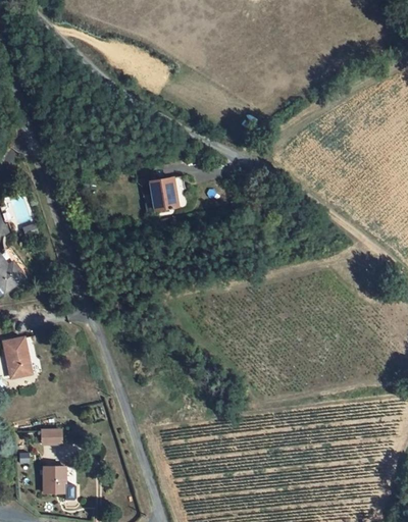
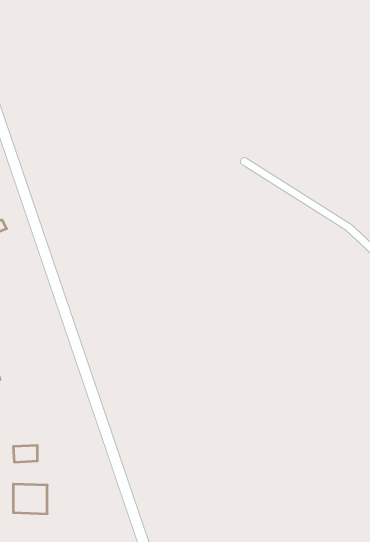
building: [149,177,182,210] -> none

